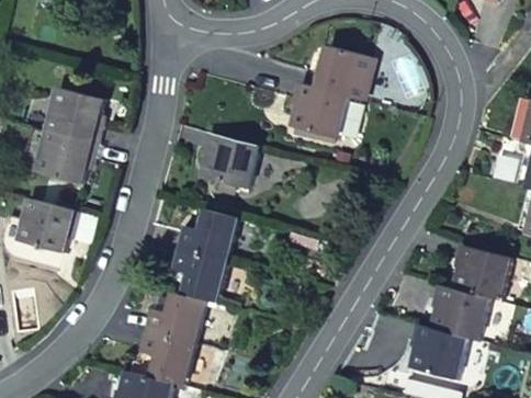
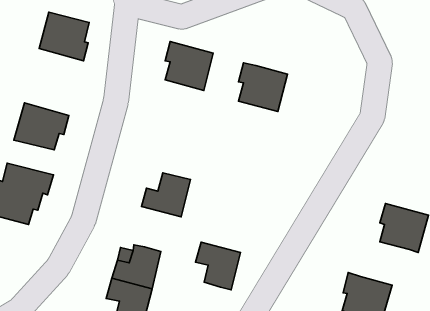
building: [312,46,374,101] -> none
building: [47,88,104,144] -> [39,12,89,61]
building: [203,134,258,190] -> [165,42,213,91]
building: [174,248,226,303] -> [196,242,241,290]
building: [431,285,487,340] -> none

